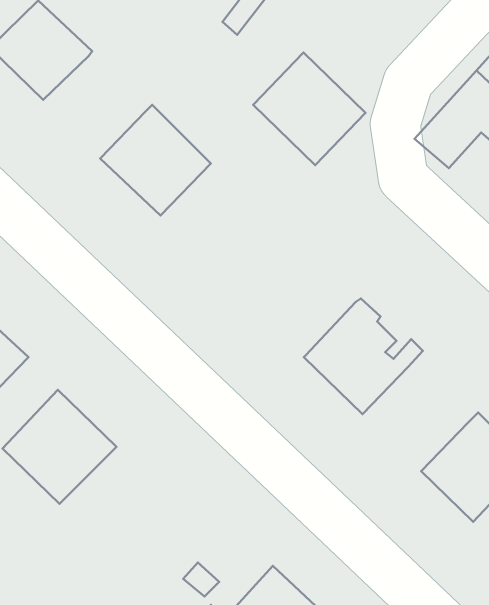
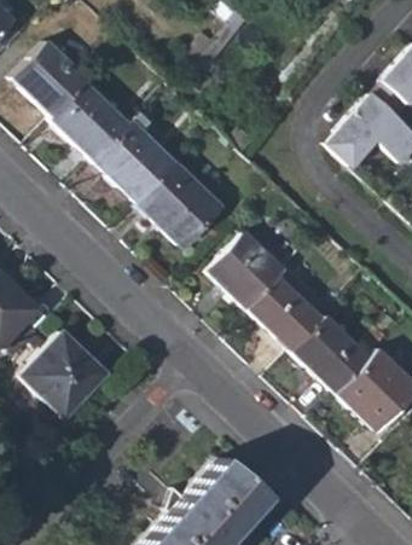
building: [253,53,366,165] -> [138,163,221,247]
building: none -> [50,83,127,160]
building: none -> [207,230,283,306]
building: none -> [288,314,366,392]

